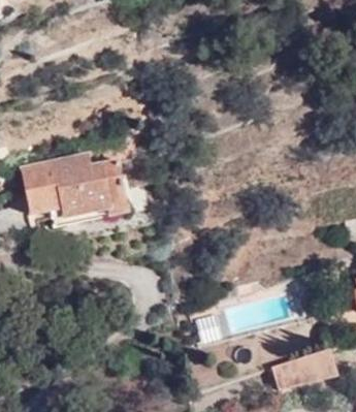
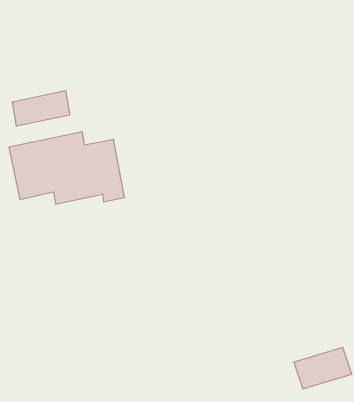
building: none -> [12,91,70,126]

